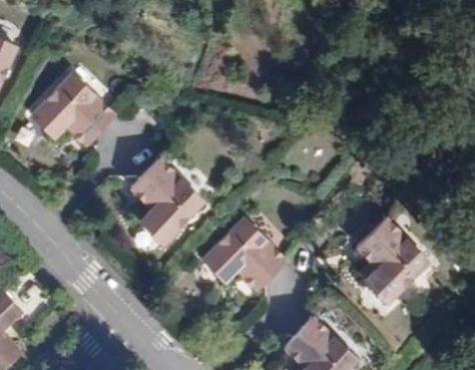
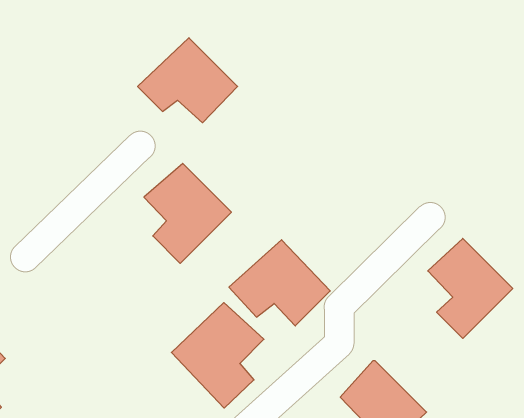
building: [35,72,115,140] -> [138,38,238,123]
building: none -> [171,303,264,408]

